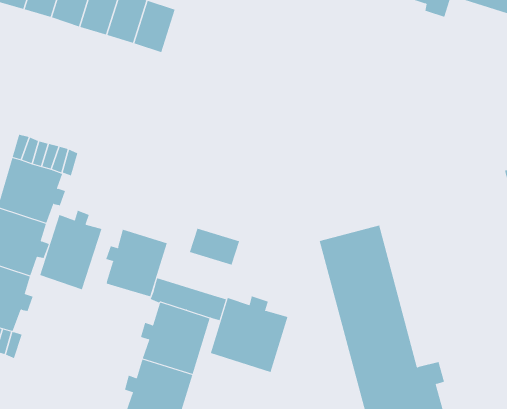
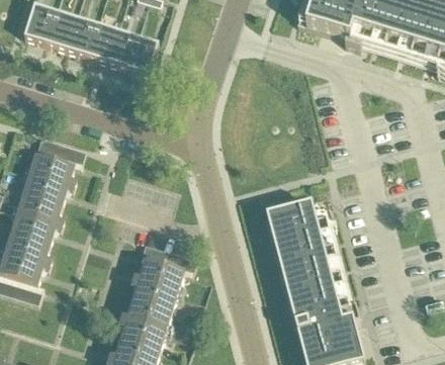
building: [39,210,102,290] -> none
building: [189,228,240,266] -> none
building: [105,229,167,297] -> none
building: [210,295,288,373] -> none

